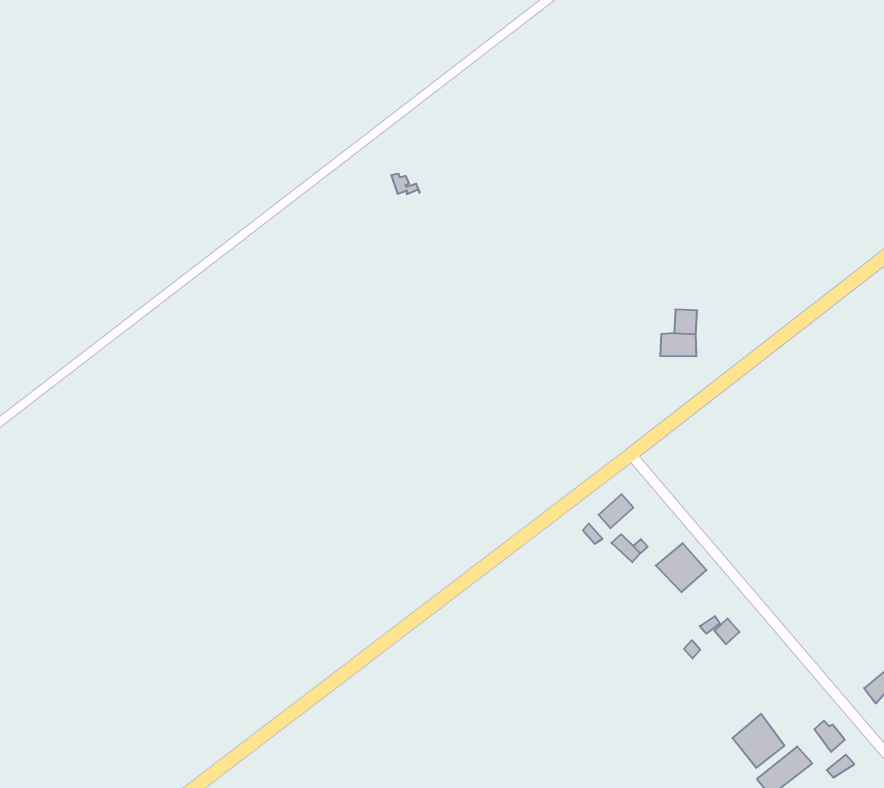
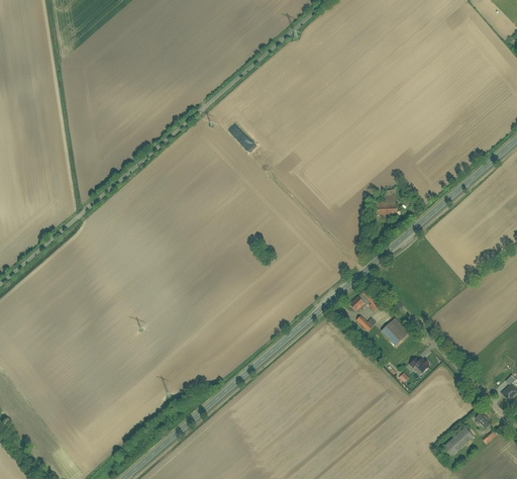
building: [732,714,784,768] -> none

